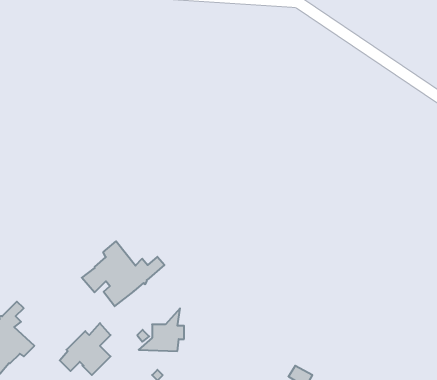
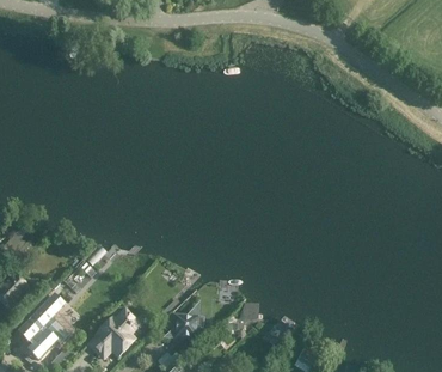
building: [82,241,164,306] -> none

